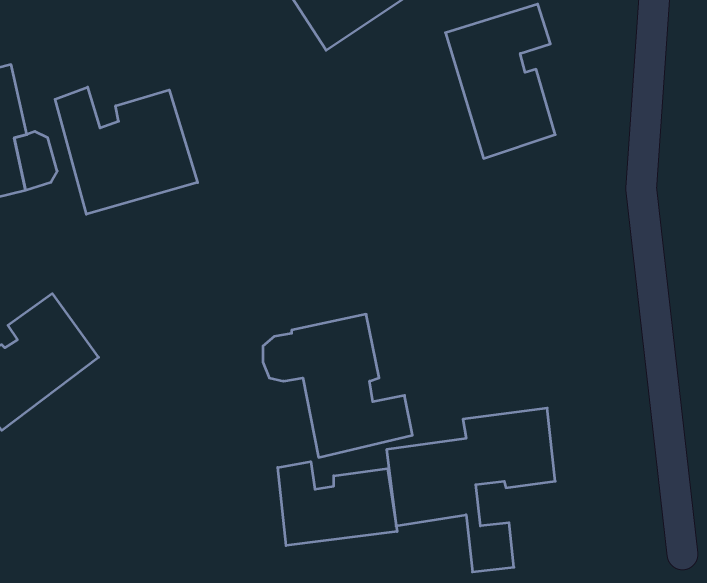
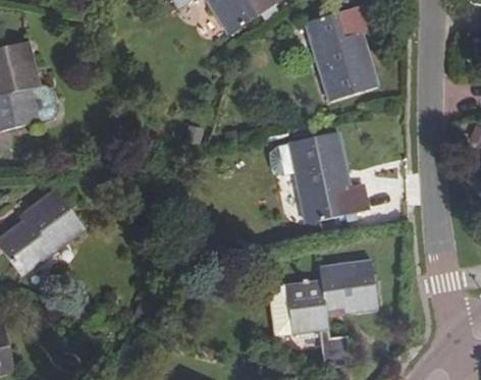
building: [55,87,198,214] -> none
building: [263,314,412,457] -> [271,131,367,223]
building: [278,462,397,546] -> none

